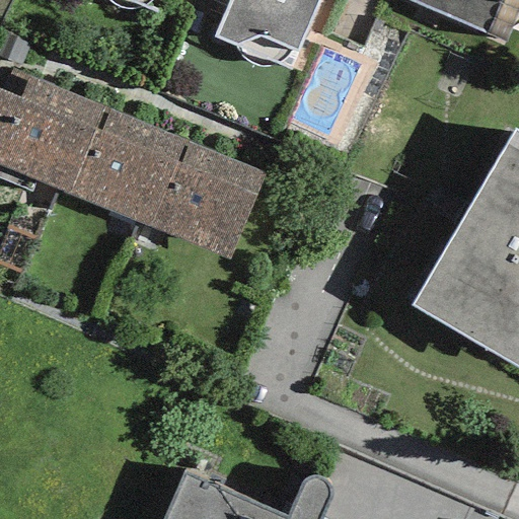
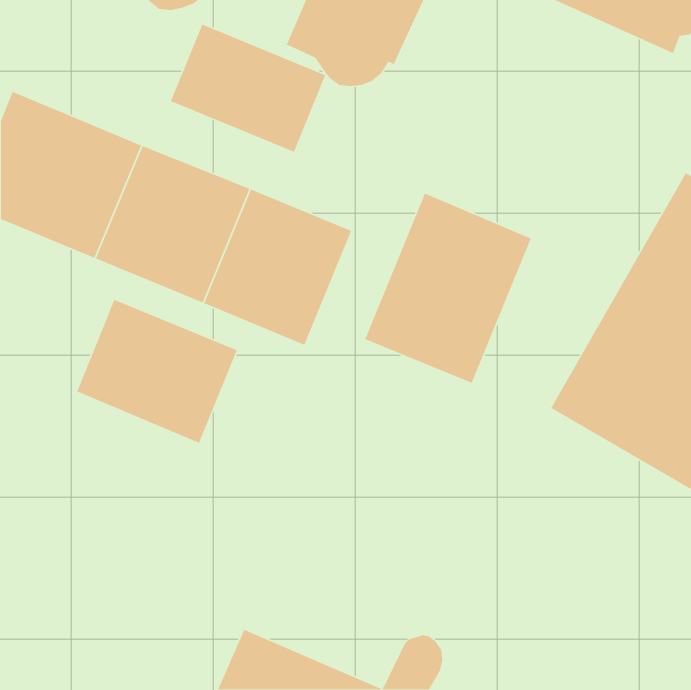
building: none -> [170,24,326,153]
building: none -> [364,192,532,384]
building: none -> [76,299,238,444]

